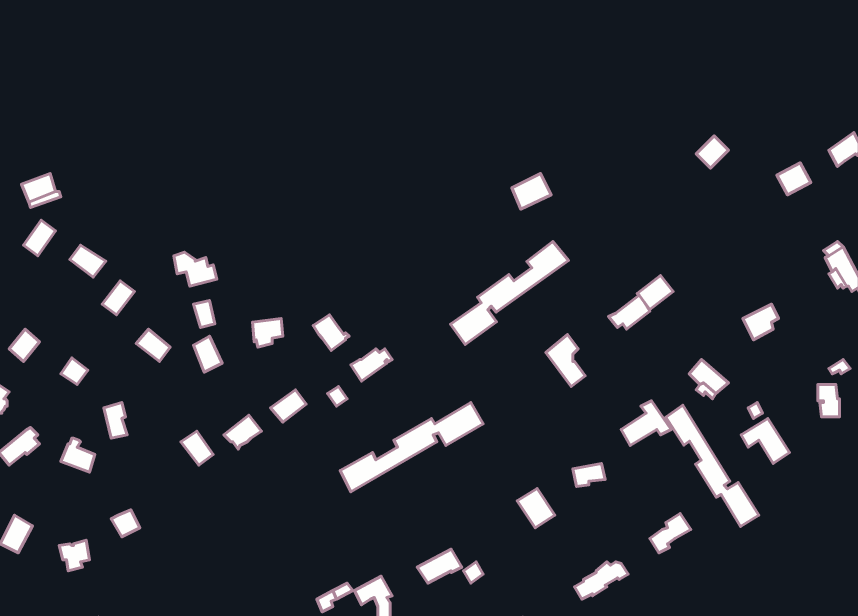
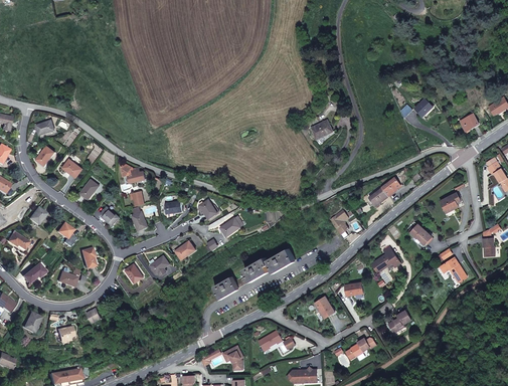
building: [451,242,568,345] -> none
building: [666,405,759,527] -> none

